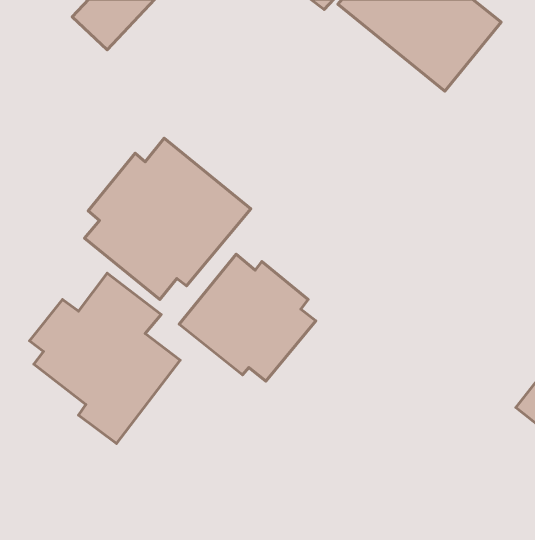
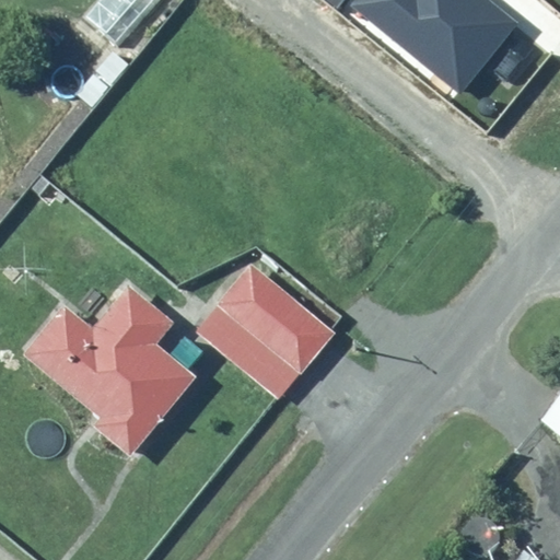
building: [84,138,251,299] -> none

